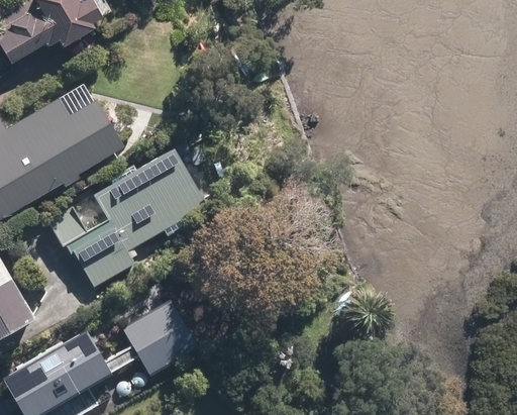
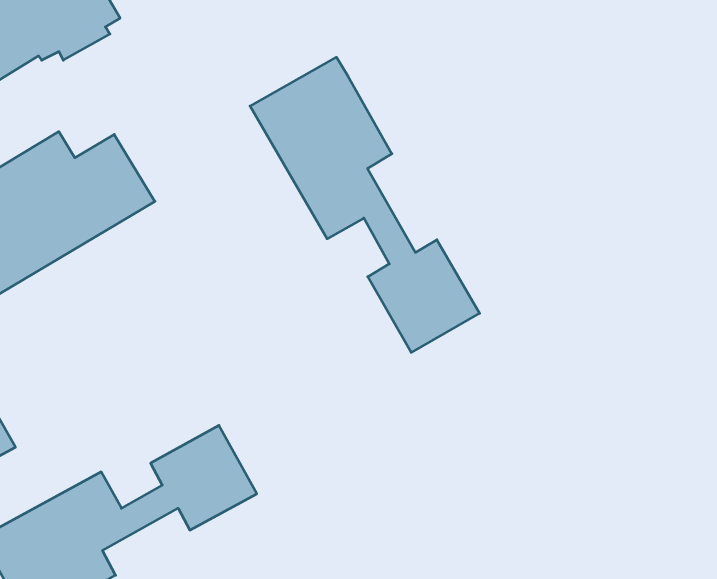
building: none -> [250,57,480,352]
building: [49,148,206,286] -> none

